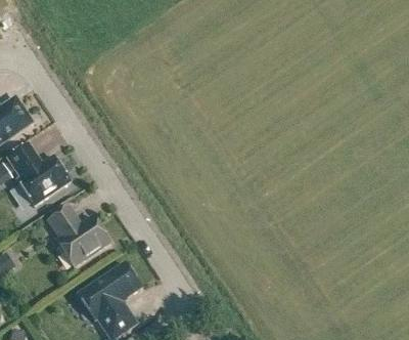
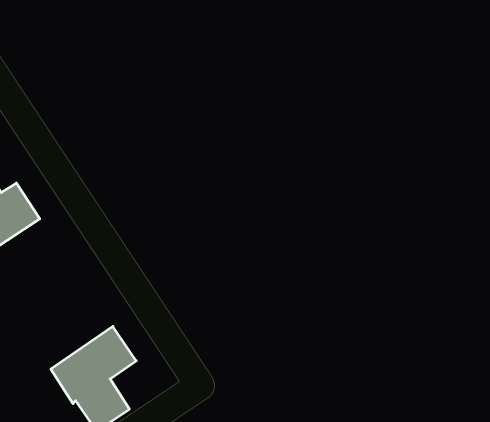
building: [48,206,110,265] -> none

